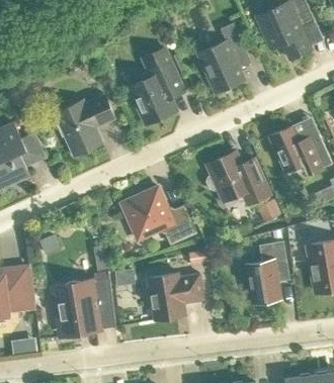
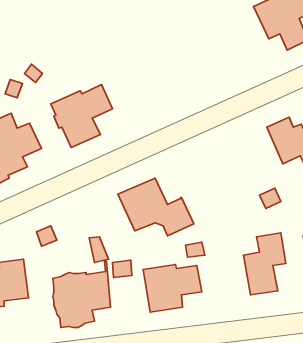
building: [197,23,244,93] -> none
building: [129,49,184,124] -> none
building: [206,152,269,205] -> none

